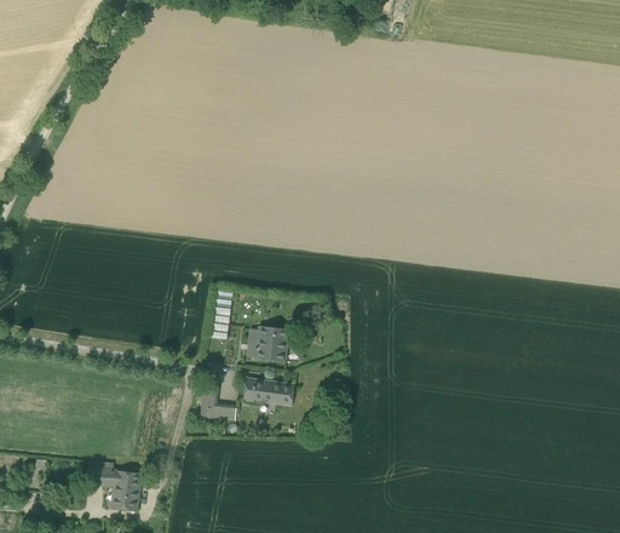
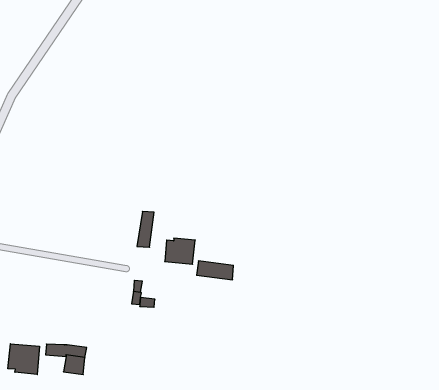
building: [242,379,292,405] -> [197,261,233,280]
building: none -> [8,344,39,375]

